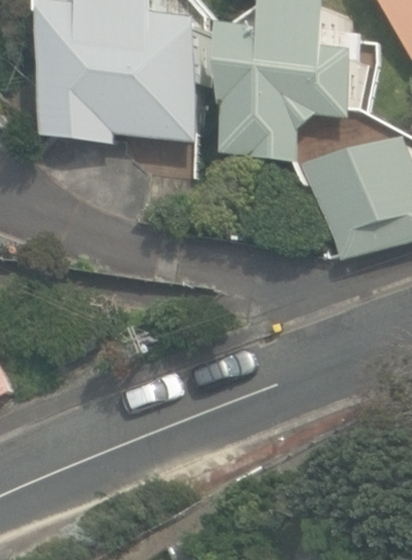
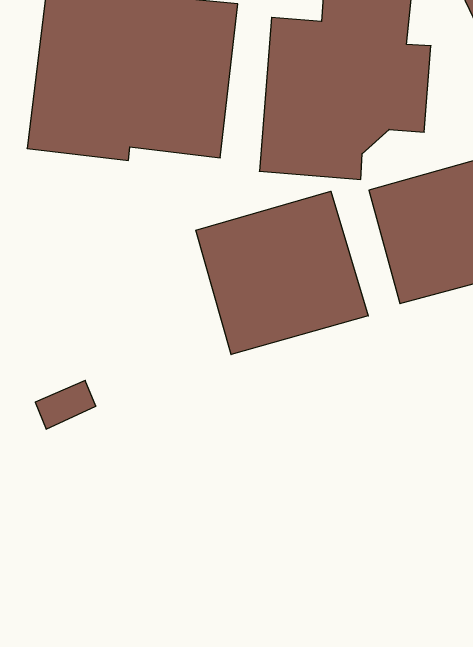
building: none -> [196,191,368,355]

